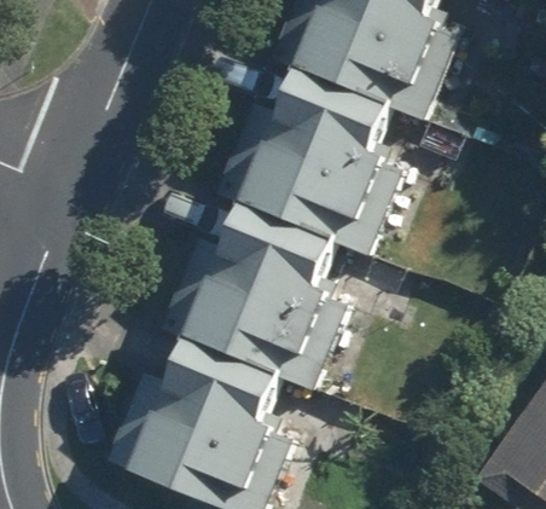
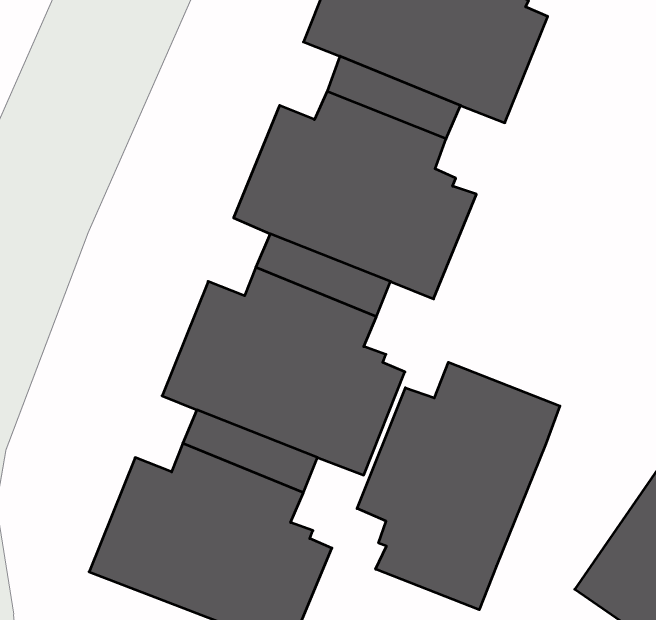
building: none -> [357,362,560,610]

